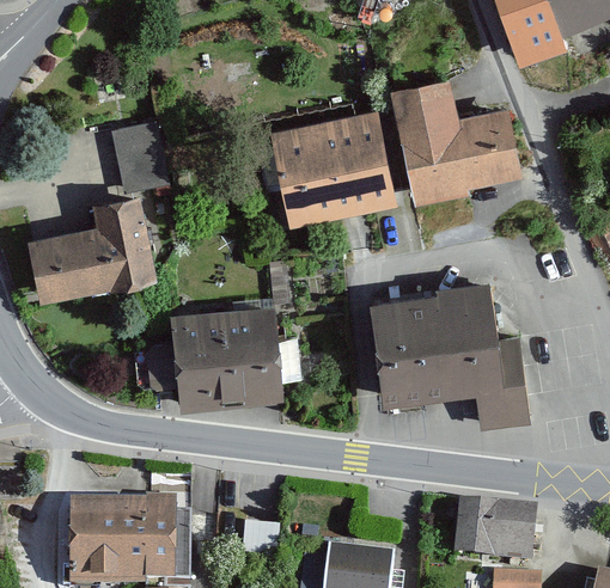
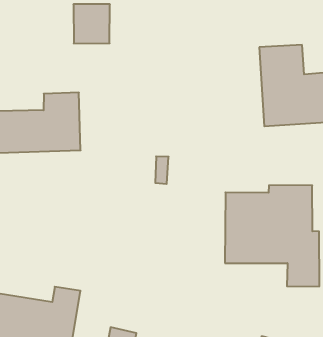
building: [269,112,392,226] -> none
building: [104,127,165,191] -> [73,4,110,43]
building: [144,308,286,421] -> none

